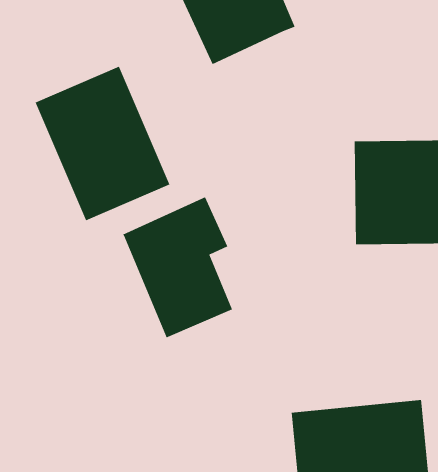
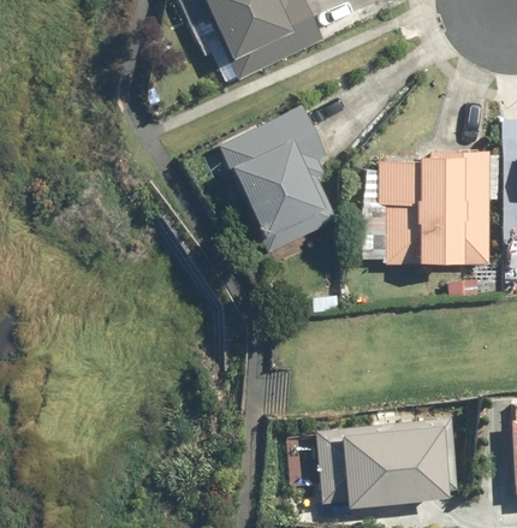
building: [35,66,170,221] -> none
building: [122,196,233,338] -> [218,106,329,249]

